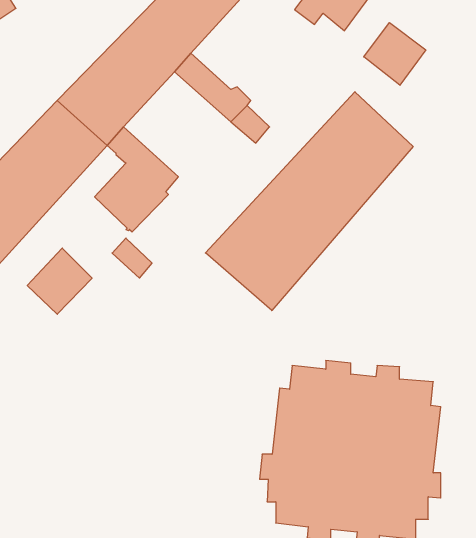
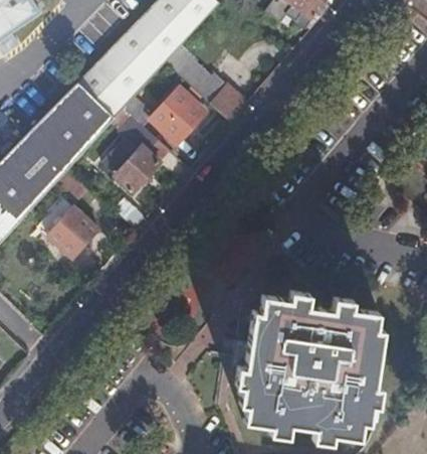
building: [364,23,426,85] -> none
building: [205,92,413,311] -> none
building: none -> [154,90,206,142]

